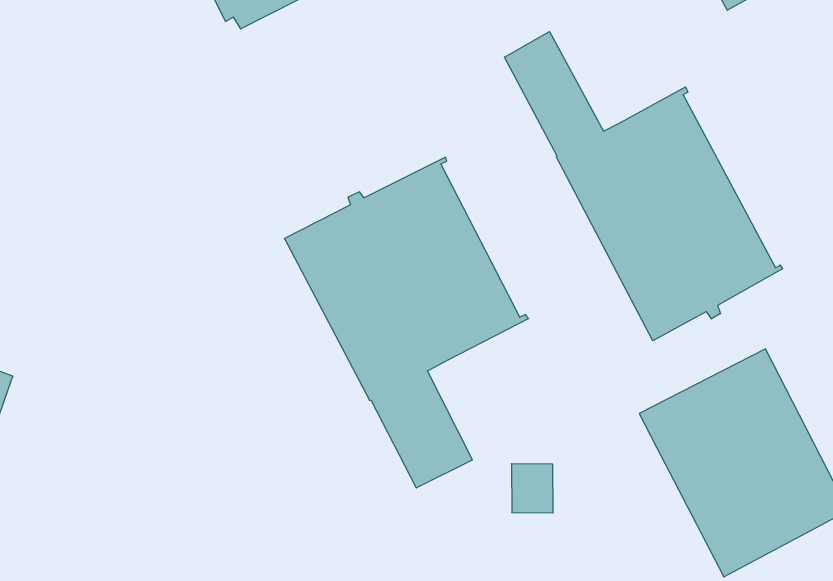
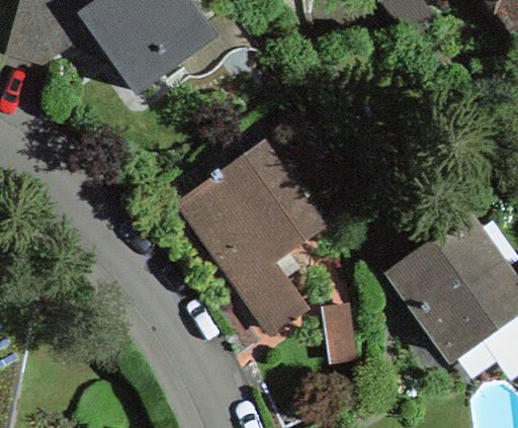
building: [504,32,783,341] -> none

